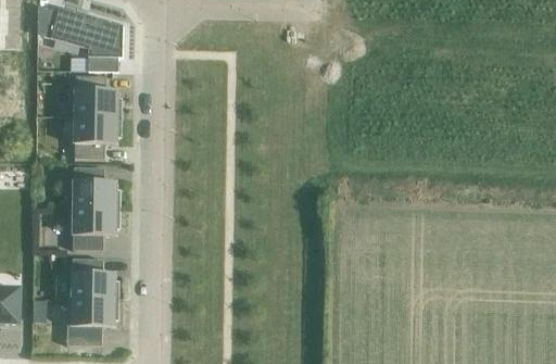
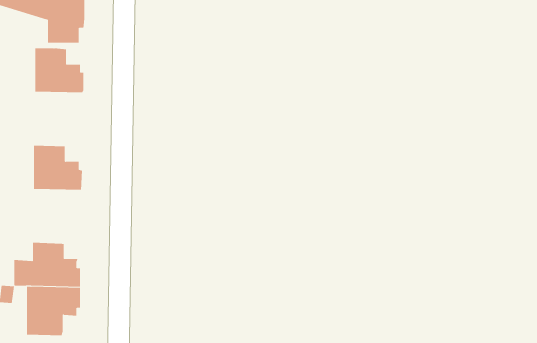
building: [73,117,119,159] -> none
building: [72,209,118,251] -> none

